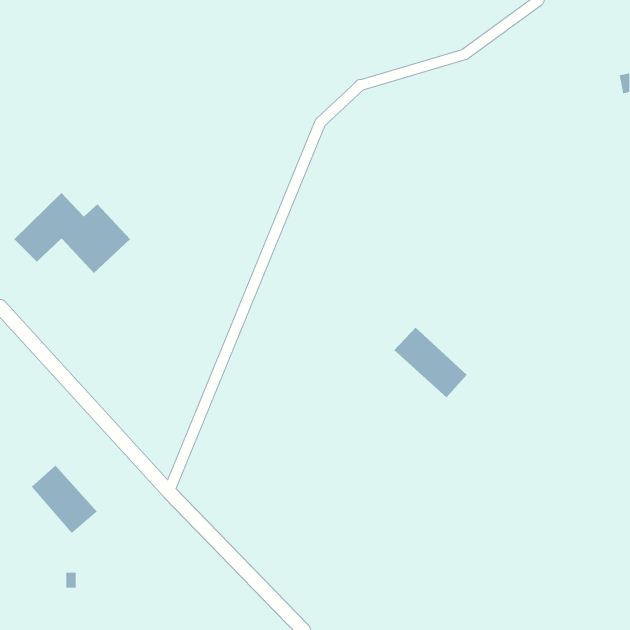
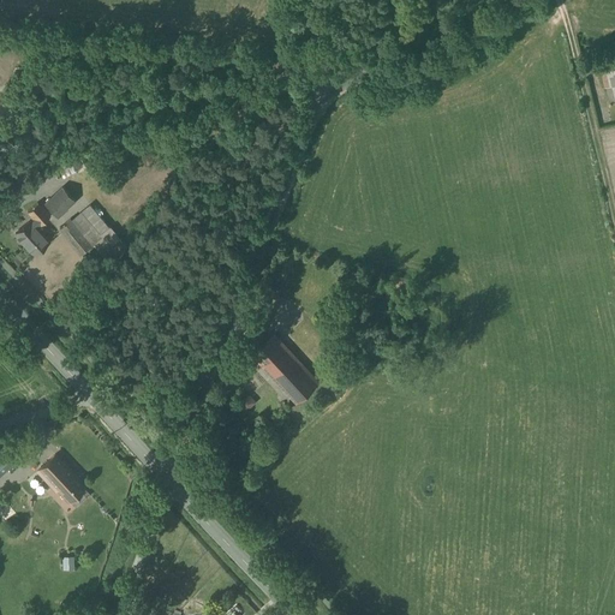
building: [393,327,467,398] -> [250,333,322,402]

